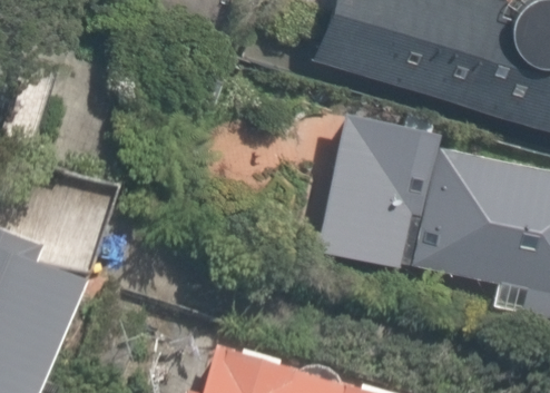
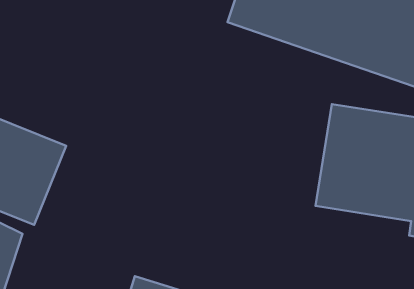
building: [323,121,423,264] -> none

